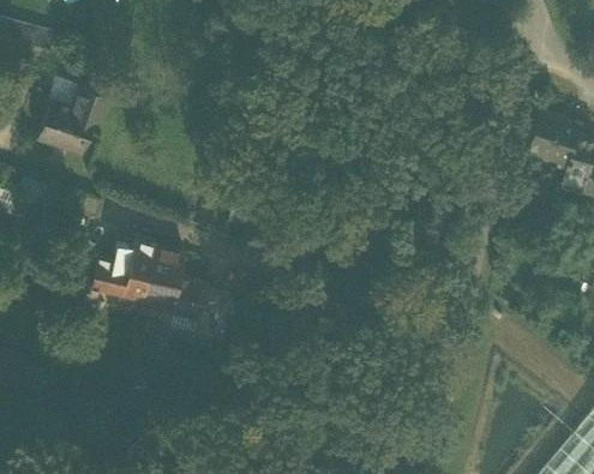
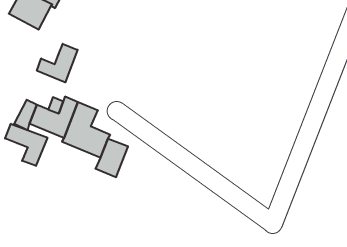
building: none -> [37,44,78,82]
building: none -> [5,124,47,166]

